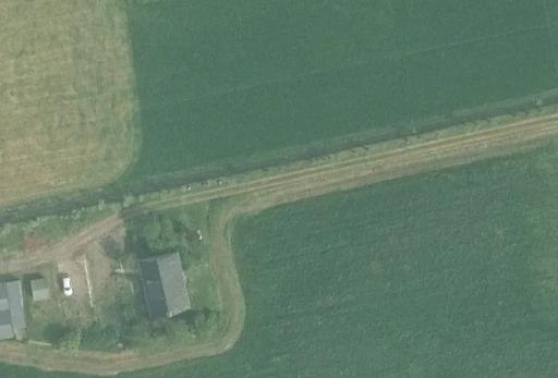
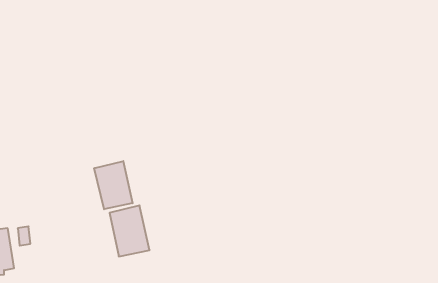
building: none -> [94,161,133,209]

